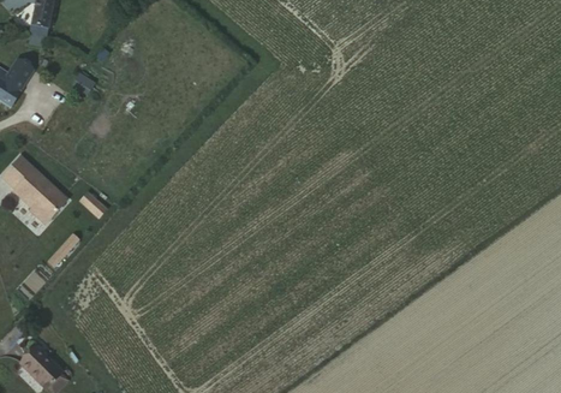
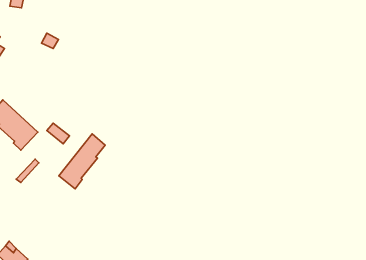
building: none -> [59,134,105,189]

